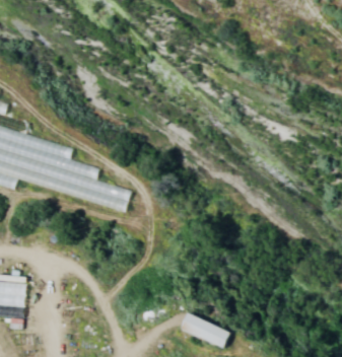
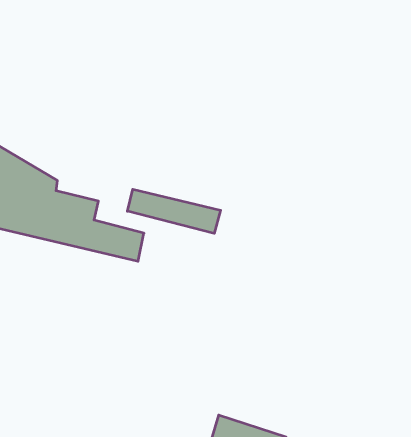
building: none -> [127,189,221,233]

